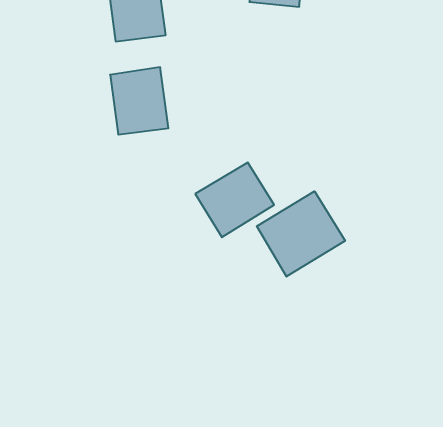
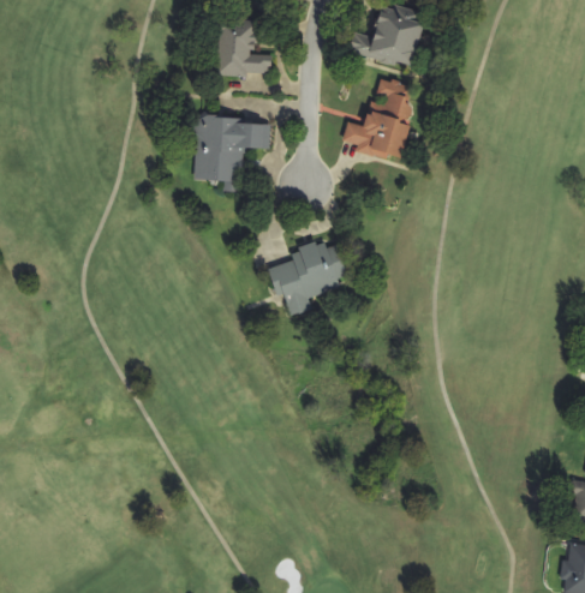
building: none -> [353,80,424,160]
building: [257,191,345,277] -> none

